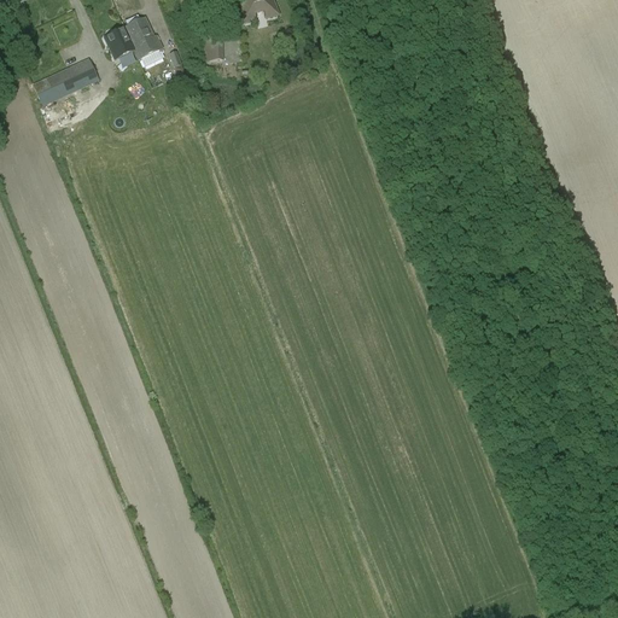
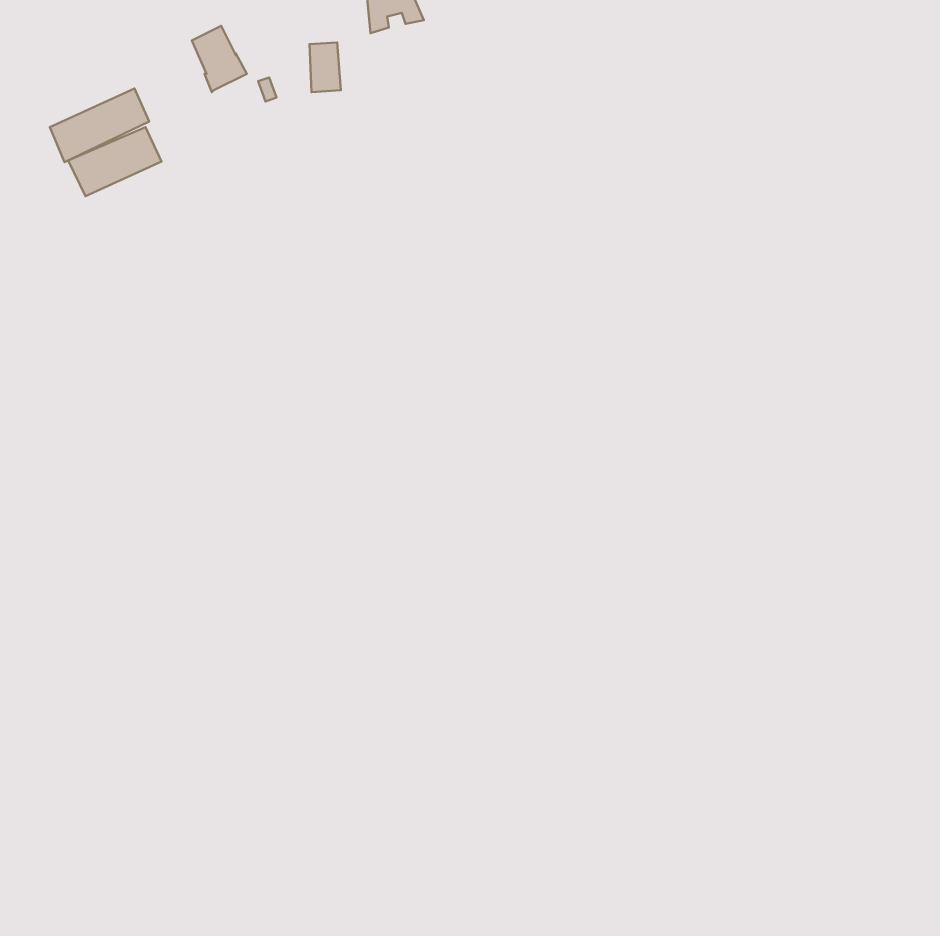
building: [104,27,140,60] -> none
building: none -> [68,127,162,196]

